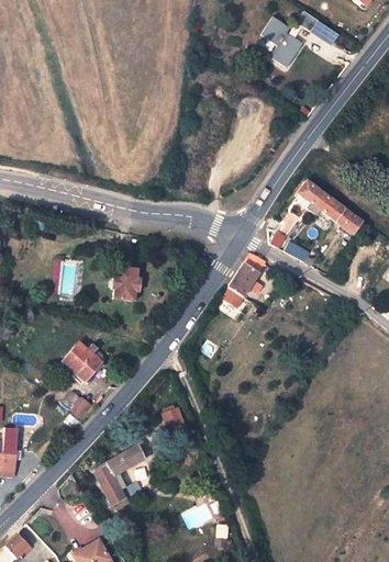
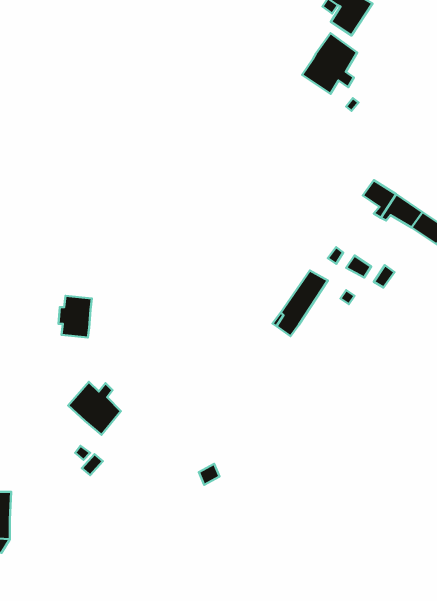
building: none -> [302,33,357,94]
building: [112,267,138,300] -> [59,296,92,338]
building: [95,446,146,507] -> none

